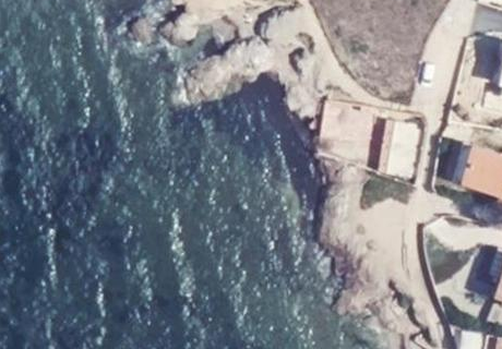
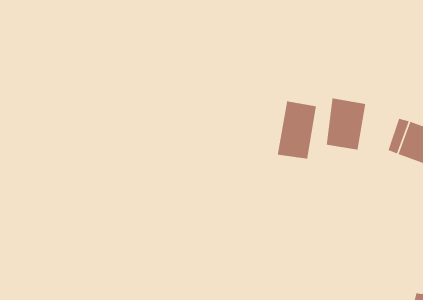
building: none -> [277,100,317,160]

